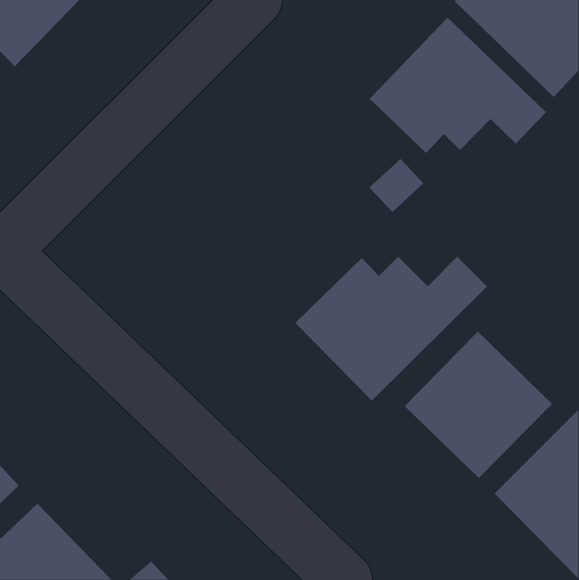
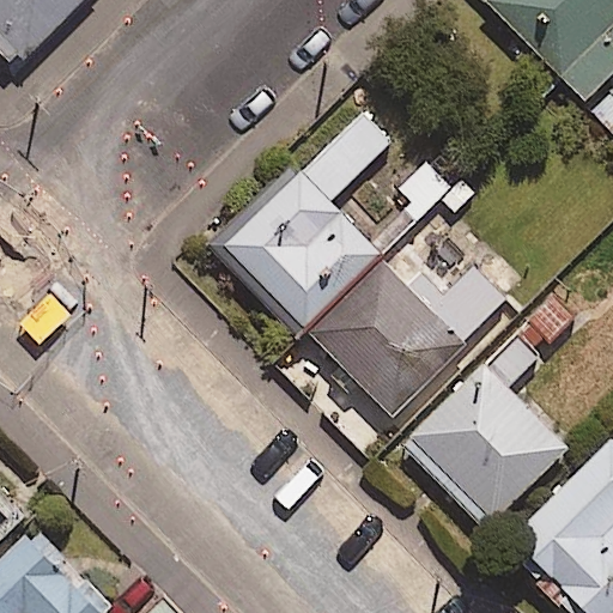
building: [369,17,547,154] -> none
building: none -> [221,113,389,333]

